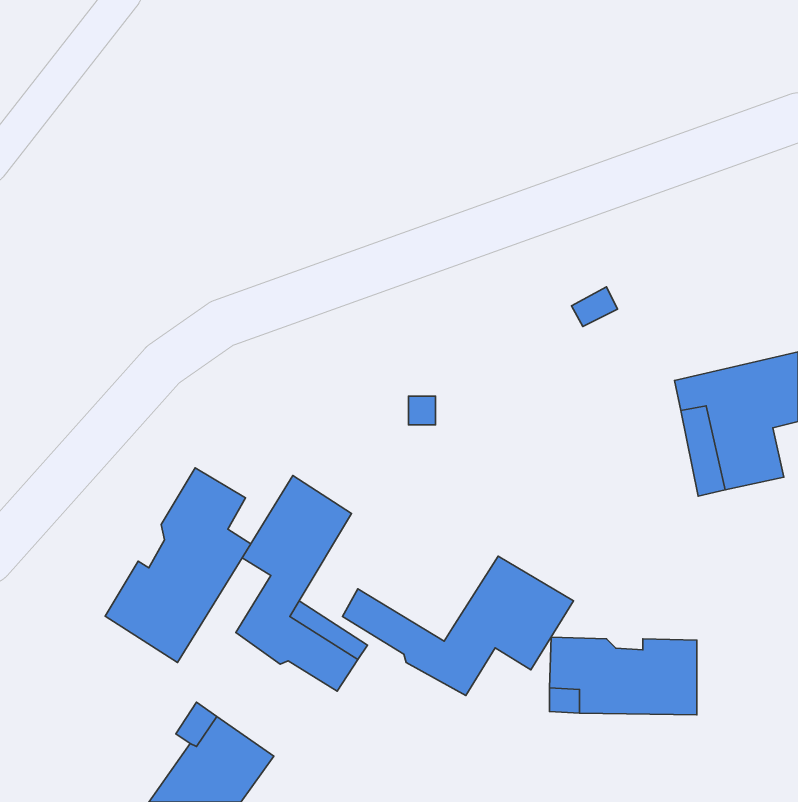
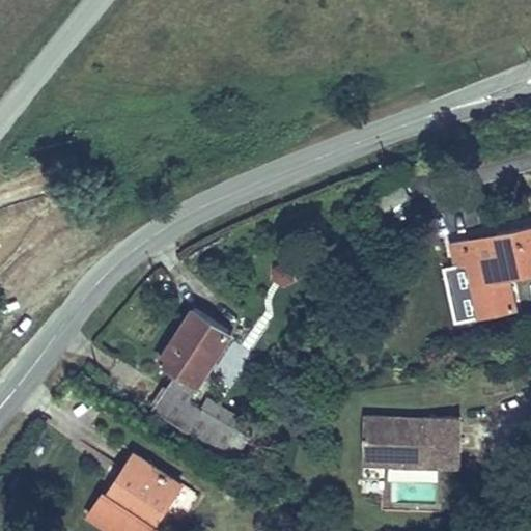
building: [105,468,251,662] -> none
building: [342,556,573,696] -> none

